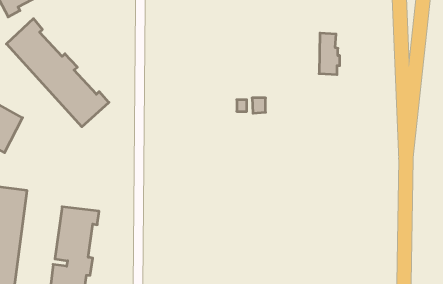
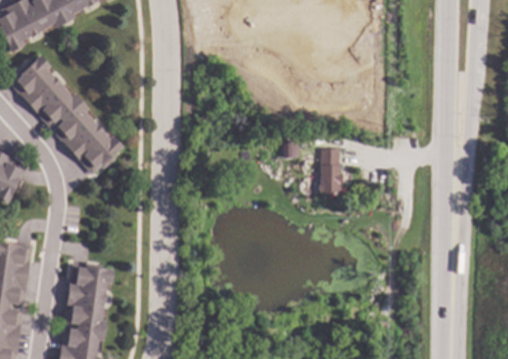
building: [319,33,340,75] -> [321,148,344,195]

